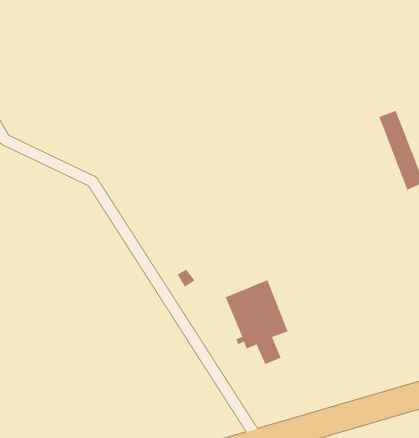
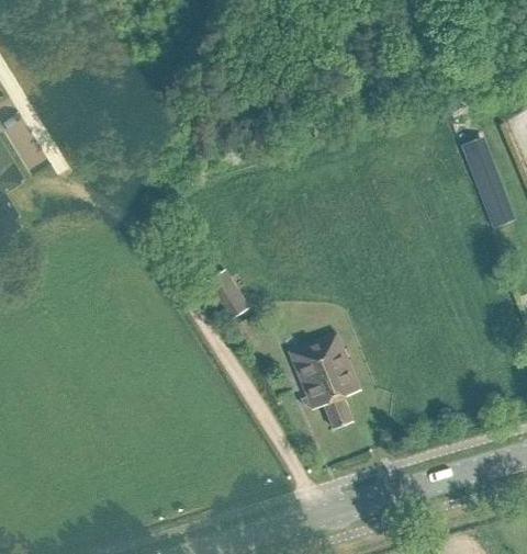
building: none -> [205,269,249,319]

